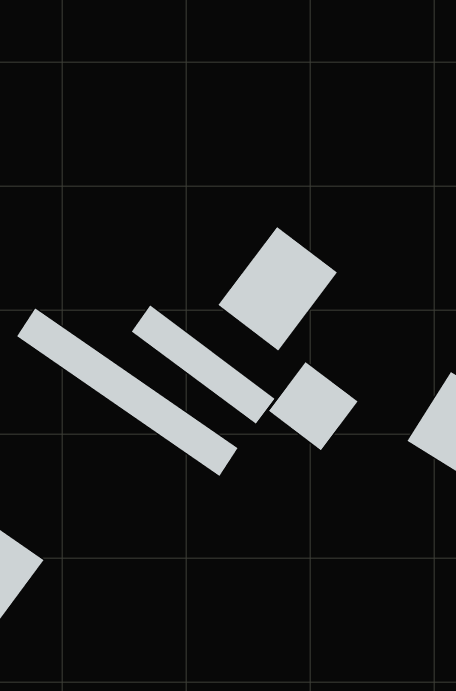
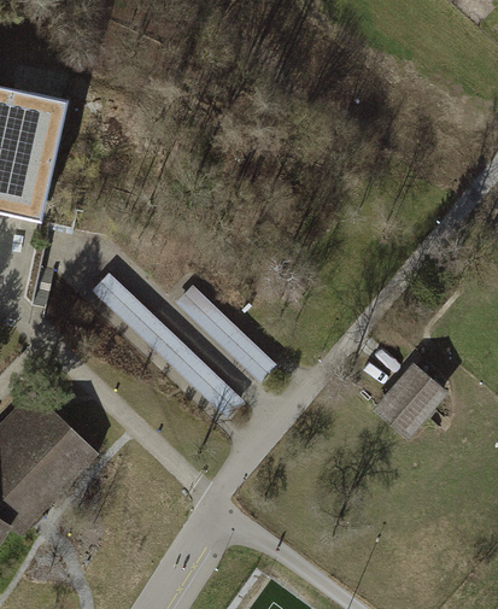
building: [217,226,338,351] -> none
building: [268,361,359,451] -> none

